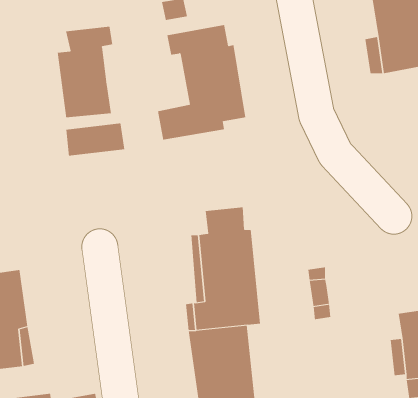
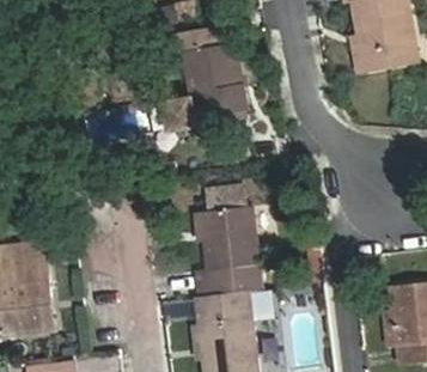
building: [57,26,113,118] -> none

